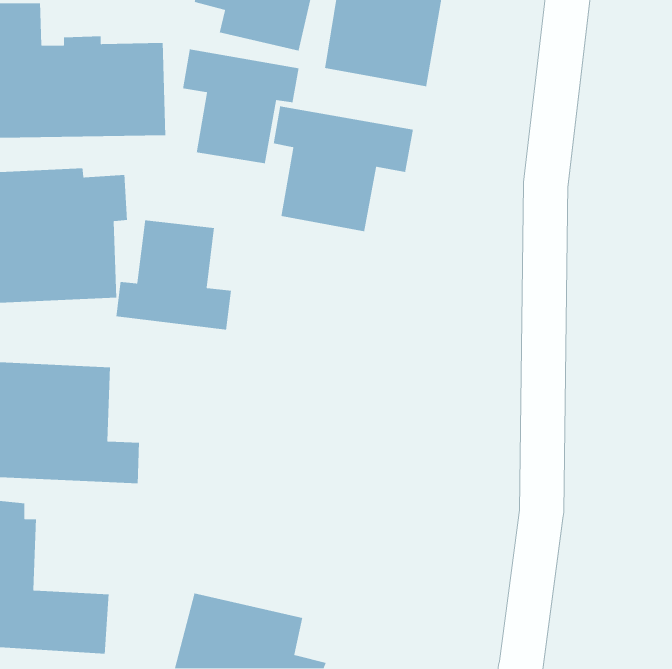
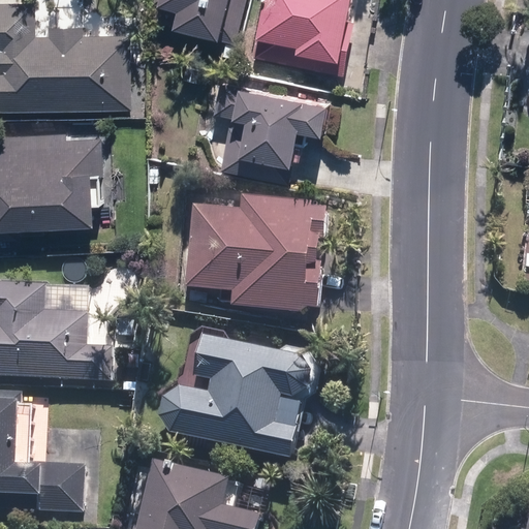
building: [182,48,300,164] -> none
building: [115,219,232,331] -> none
building: none -> [186,199,323,314]
building: none -> [159,339,308,460]

